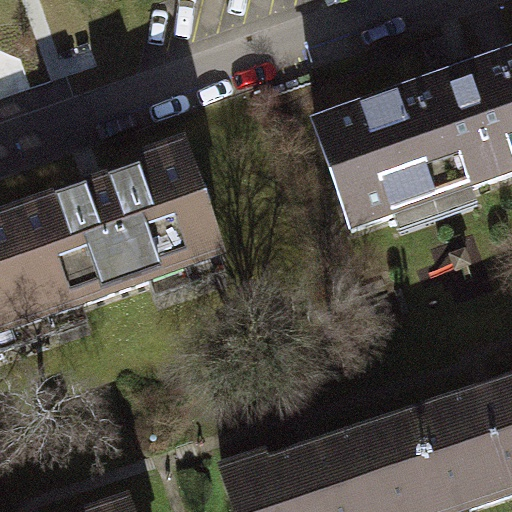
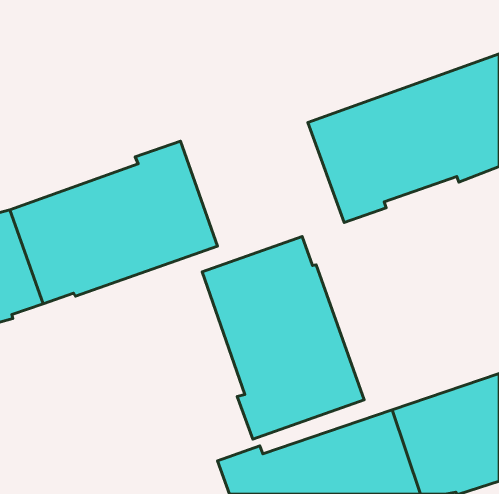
building: none -> [202,236,364,439]

